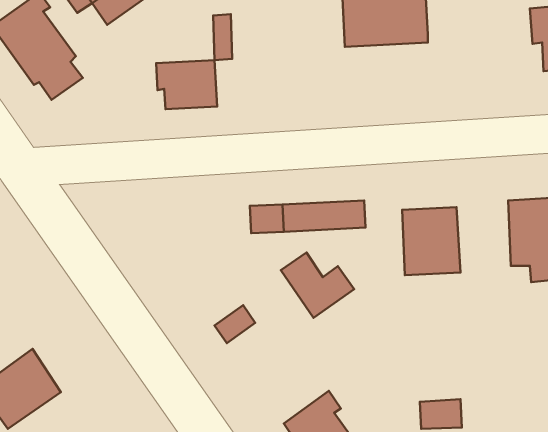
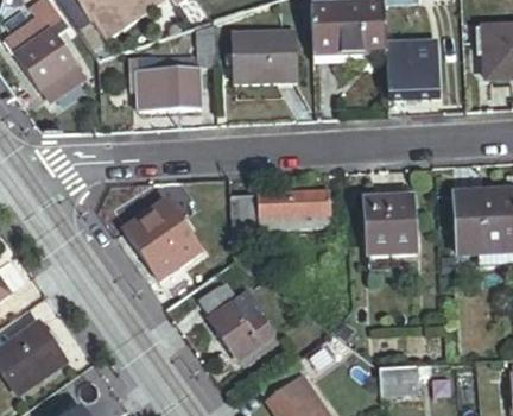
building: none -> [230,36,296,87]
building: none -> [386,43,435,97]
building: none -> [124,198,201,278]
building: [281,253,354,318] -> [210,302,274,359]

